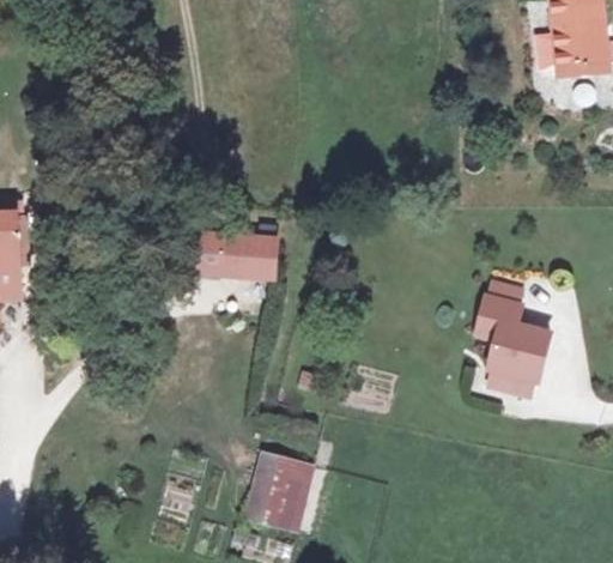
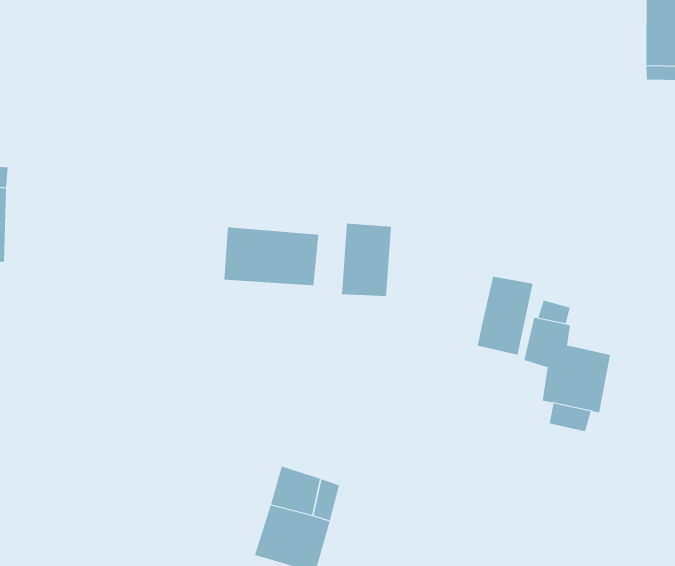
building: none -> [342,223,391,297]
building: none -> [477,276,533,356]

